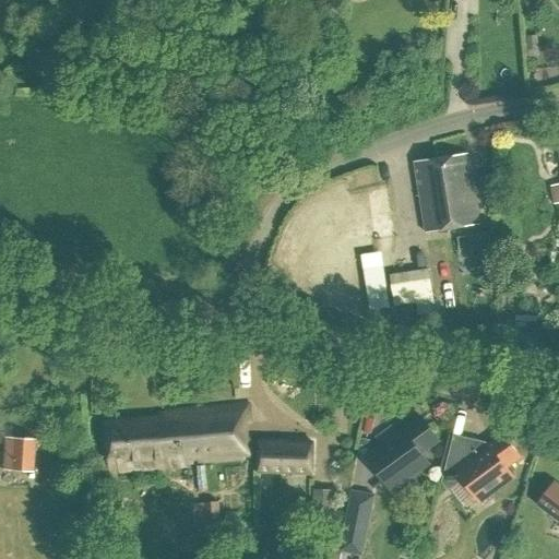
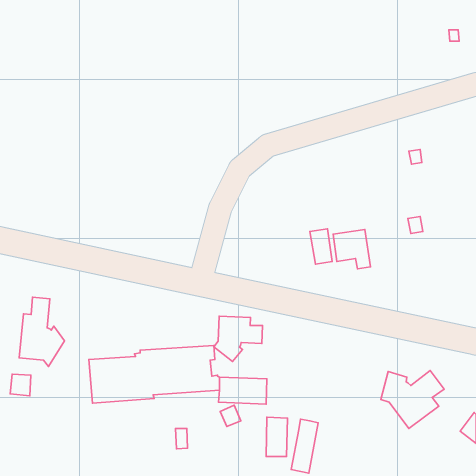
building: [415,152,478,231] -> none
building: none -> [19,297,64,367]
building: none -> [214,316,262,361]
building: [366,417,437,490] -> none

